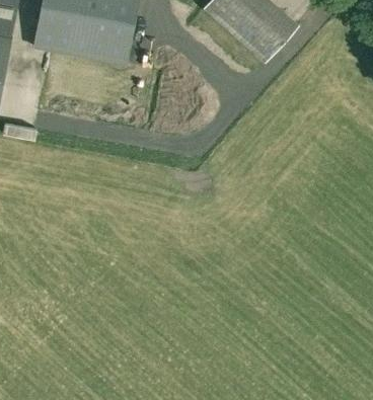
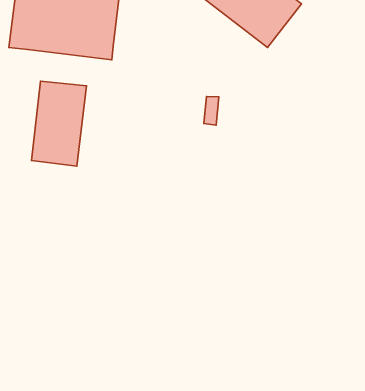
building: none -> [32,81,86,166]

